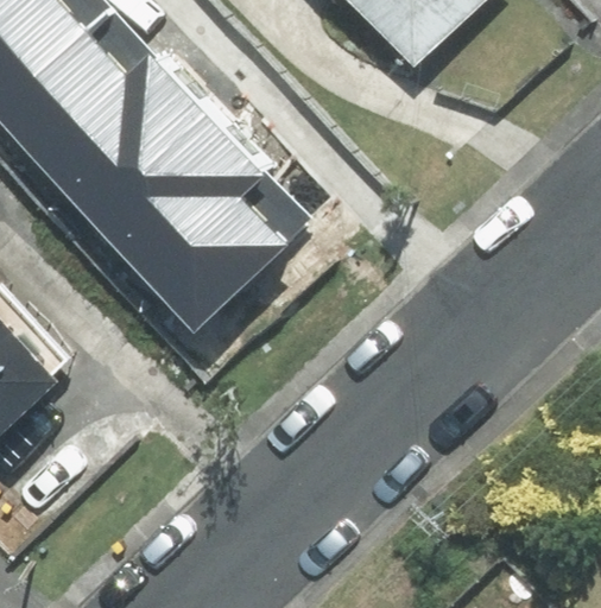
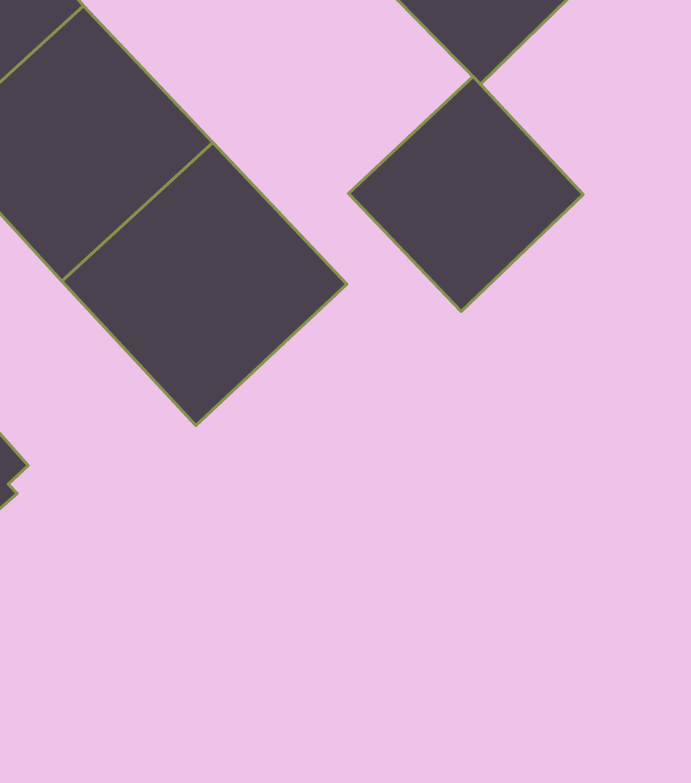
building: none -> [349,77,583,311]

